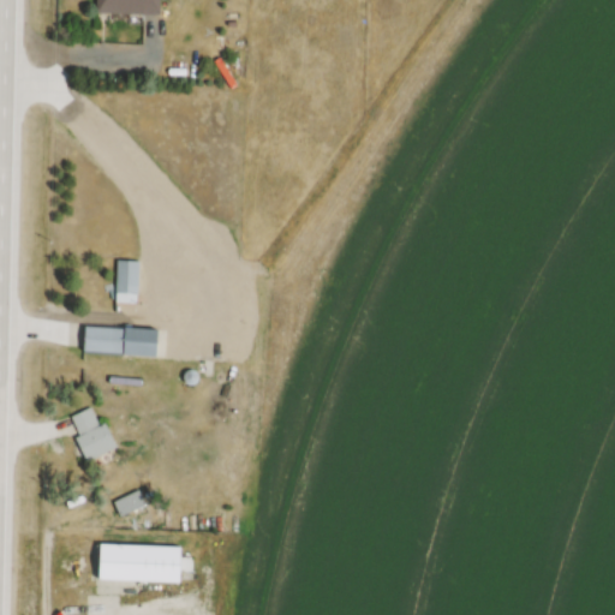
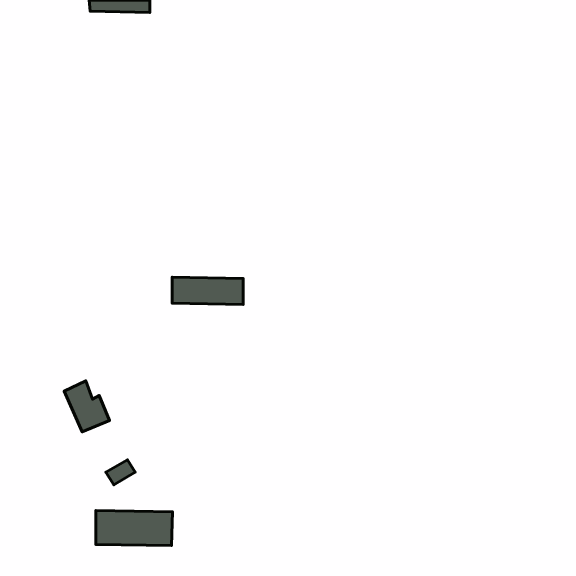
building: [115,259,138,303] -> none
building: [85,327,161,356] -> [172,277,243,304]

